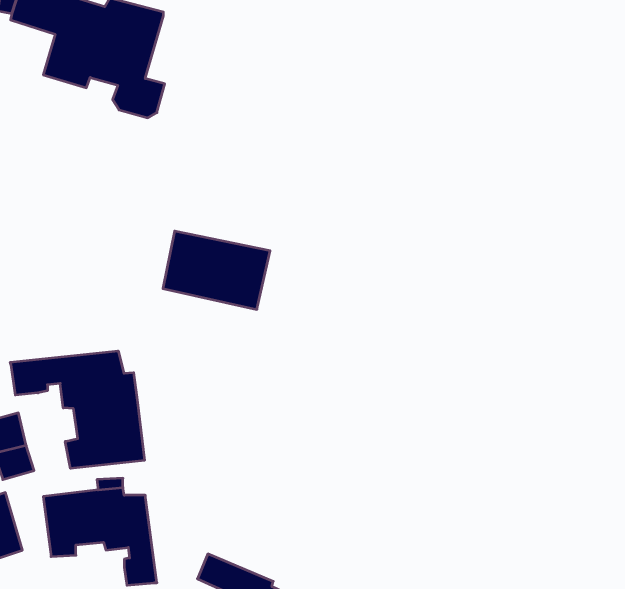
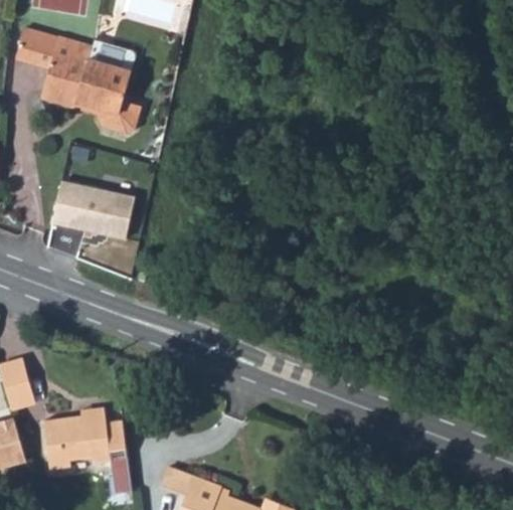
building: [163,231,270,309] -> [52,179,135,239]
building: [10,351,144,468] -> none

